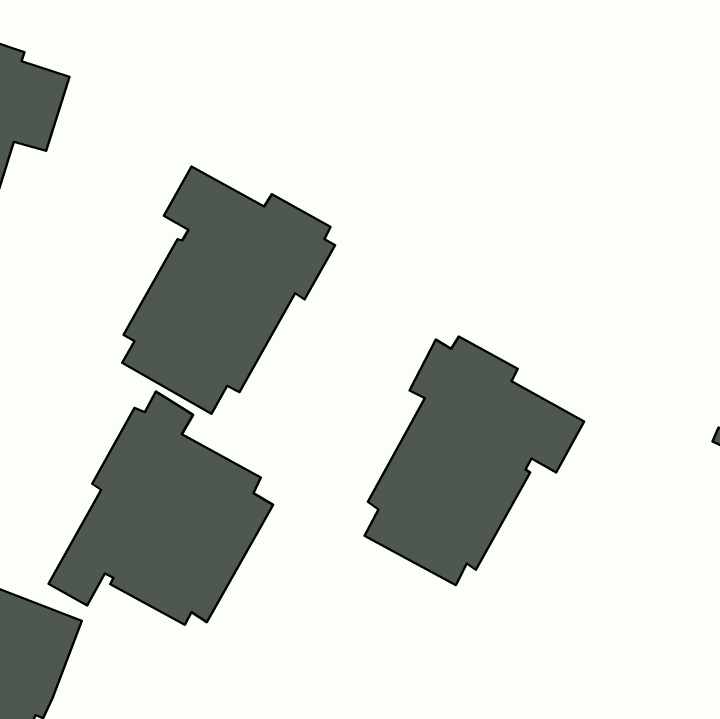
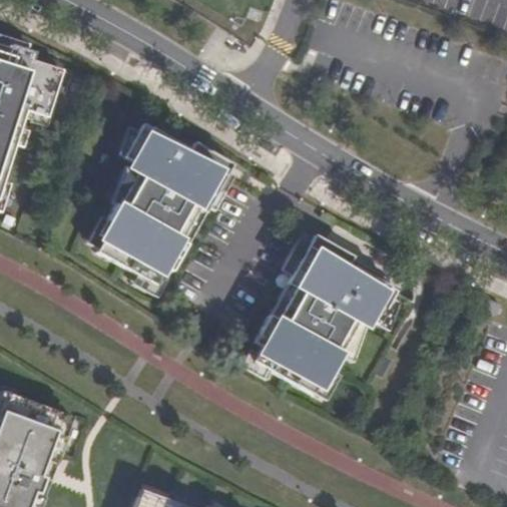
building: [48,392,273,625] -> none

